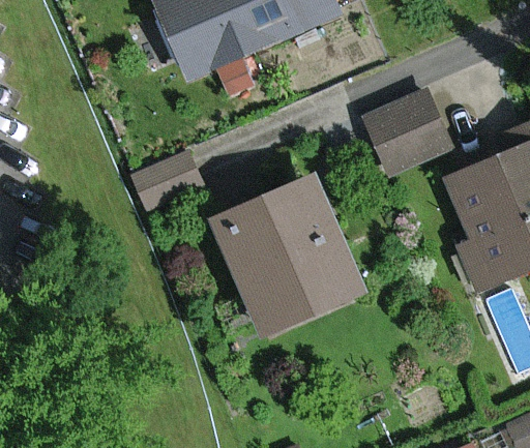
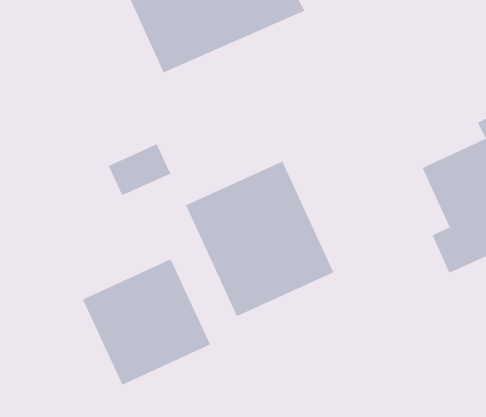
building: [364,94,445,167] -> none
building: none -> [82,259,211,386]

